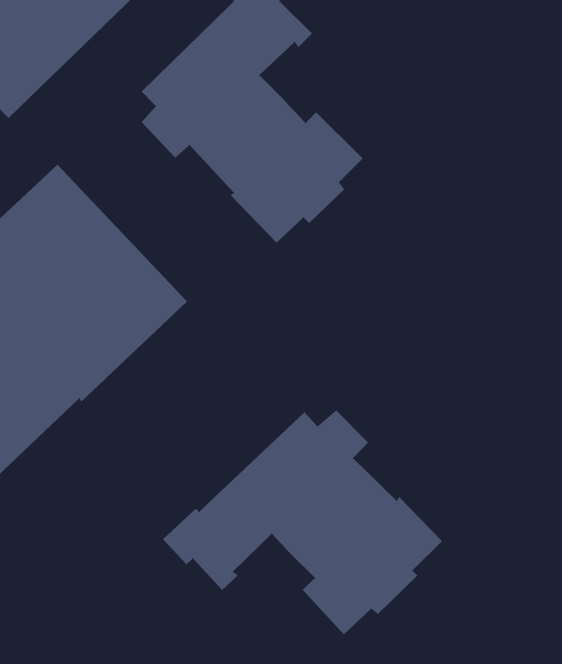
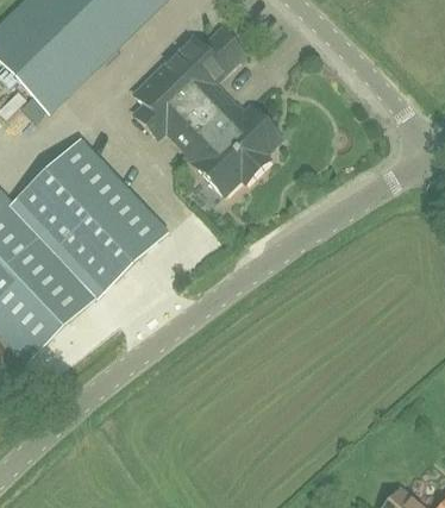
building: [162,410,443,635] -> none

